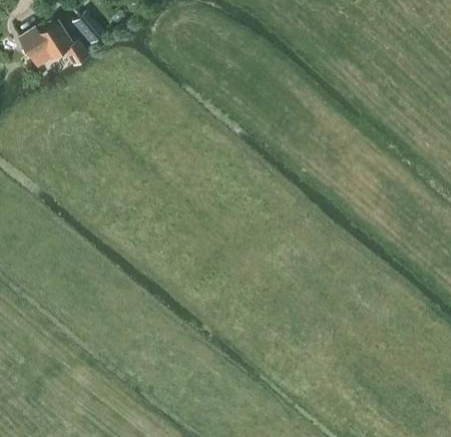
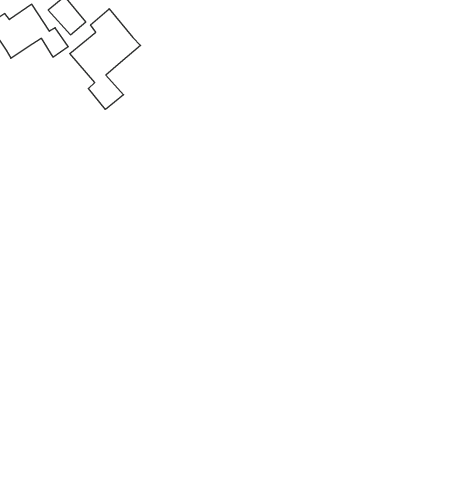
building: none -> [70,9,141,109]

